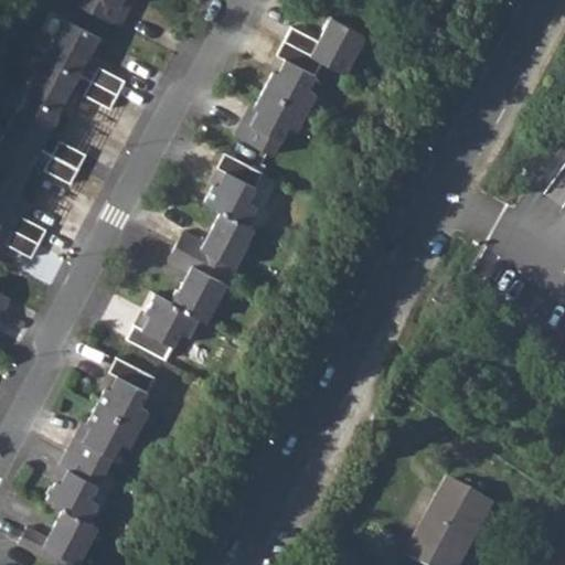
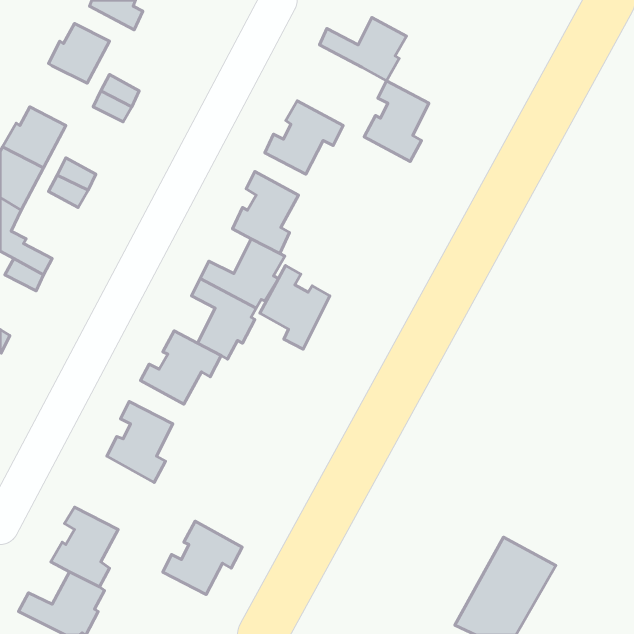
building: [265,41,322,113] -> [364,81,429,162]
building: [24,60,78,113] -> none
building: none -> [260,266,330,349]
building: [67,406,138,471] -> [163,521,242,594]

